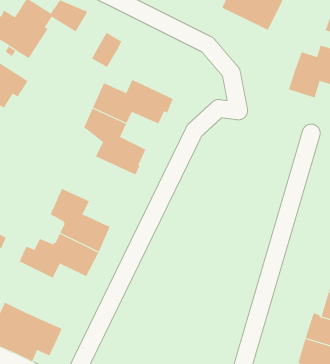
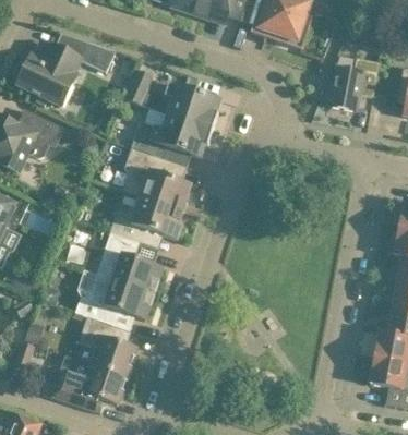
building: none -> [166,82,219,129]
building: none -> [109,196,183,243]
building: none -> [74,312,136,375]

